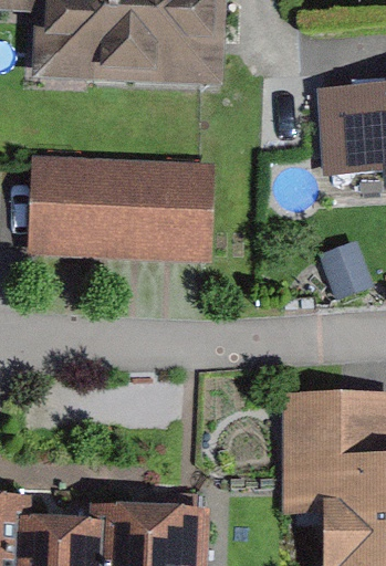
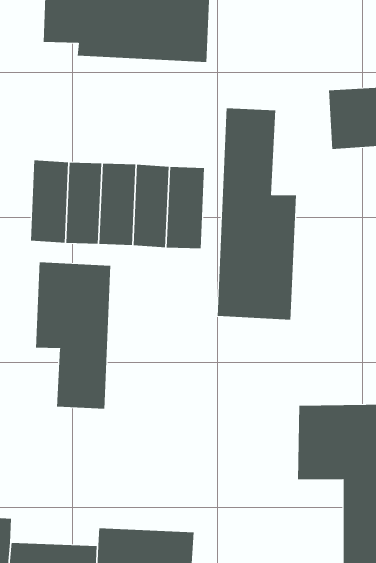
building: none -> [217,107,296,321]
building: none -> [35,261,111,409]

